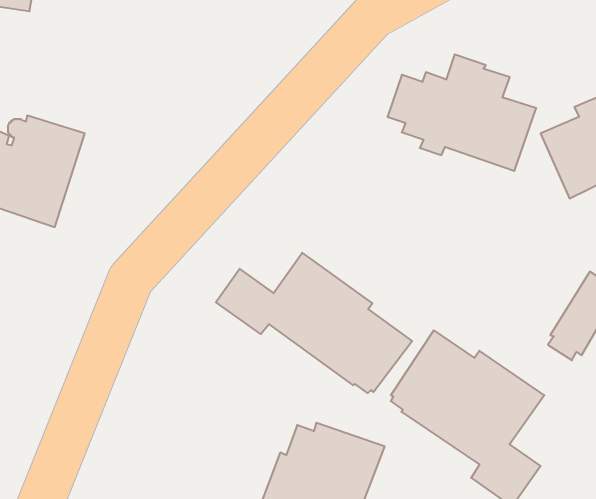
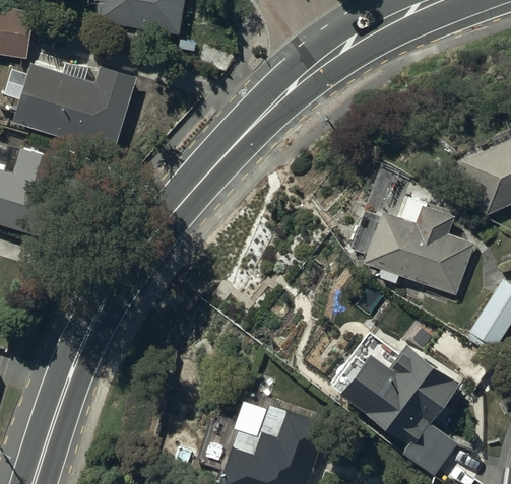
building: none -> [13,64,136,153]
building: [387,54,536,171] -> [349,197,475,295]
building: [216,253,412,393] -> none

